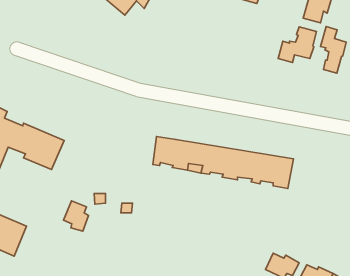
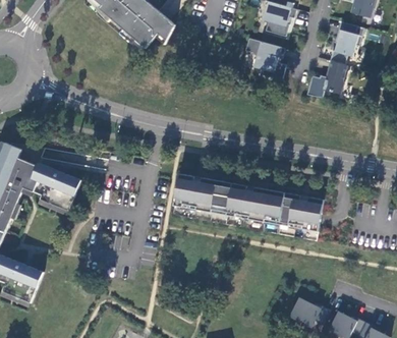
building: none -> [244,38,285,79]
building: [321,27,346,73] -> none
building: [64,201,88,231] -> none

